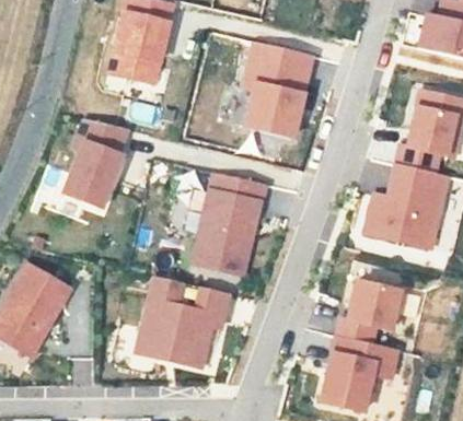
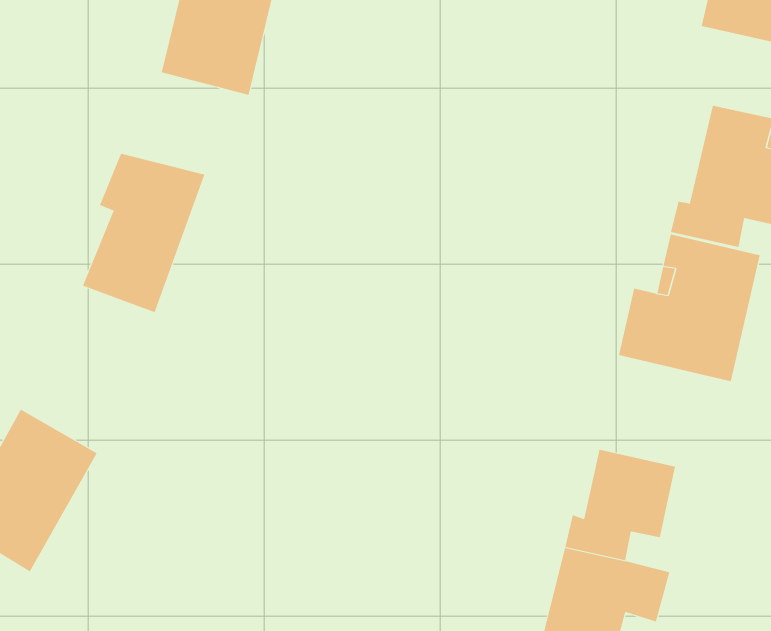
building: [245,40,314,138] -> none
building: [194,173,267,274] -> none
building: [141,276,230,369] -> none

